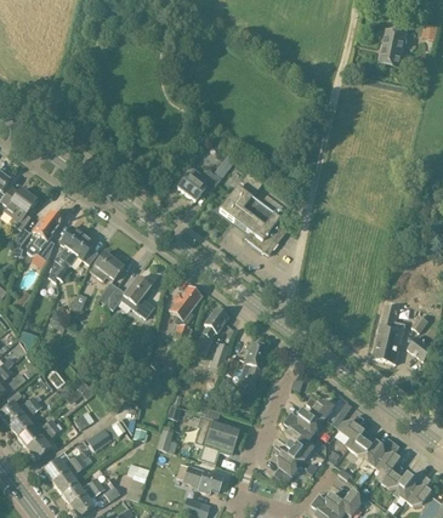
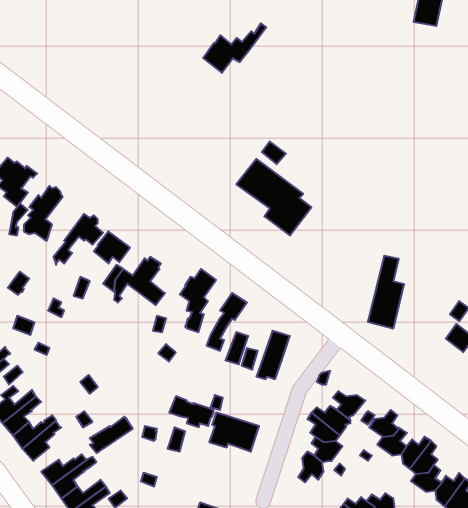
building: [177,155,234,200] -> [203,23,266,73]
building: [49,226,81,281] -> none
building: [373,297,405,363] -> [368,256,404,328]
building: [182,465,222,493] -> [169,396,214,427]

